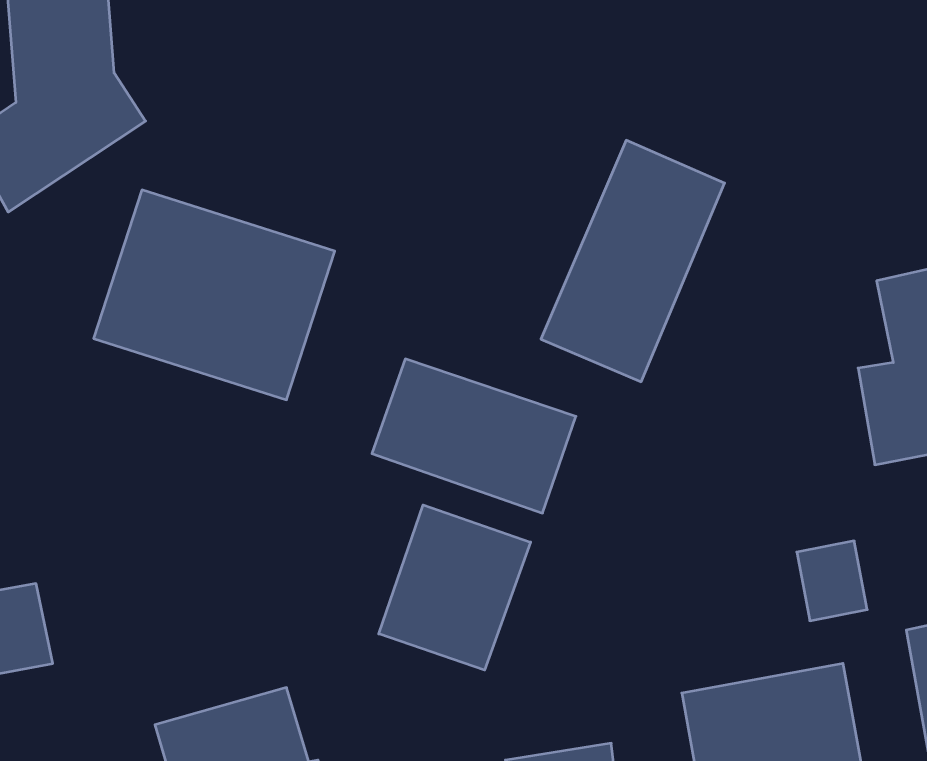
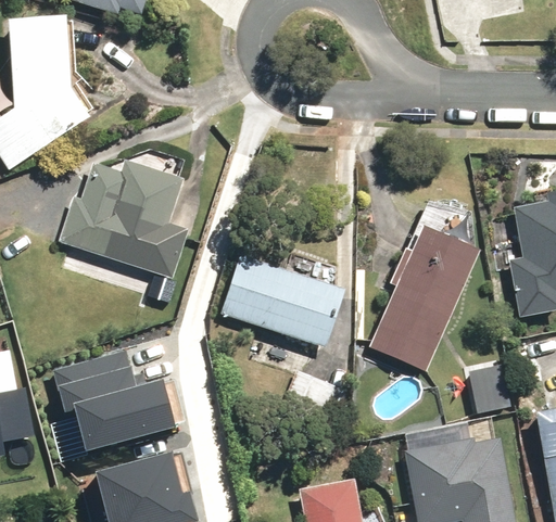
building: [541,140,725,382] -> [368,228,476,369]
building: [379,505,531,670] -> none
building: none -> [53,347,176,447]

